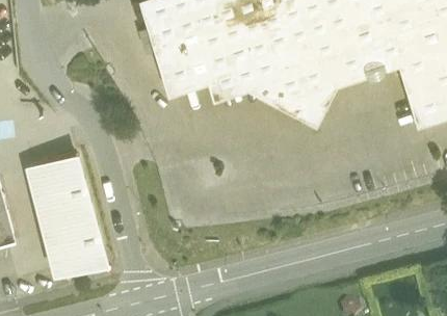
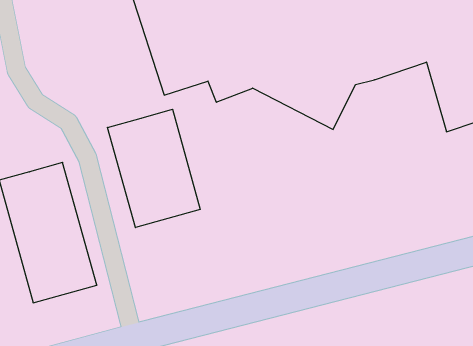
building: none -> [107,109,200,228]

